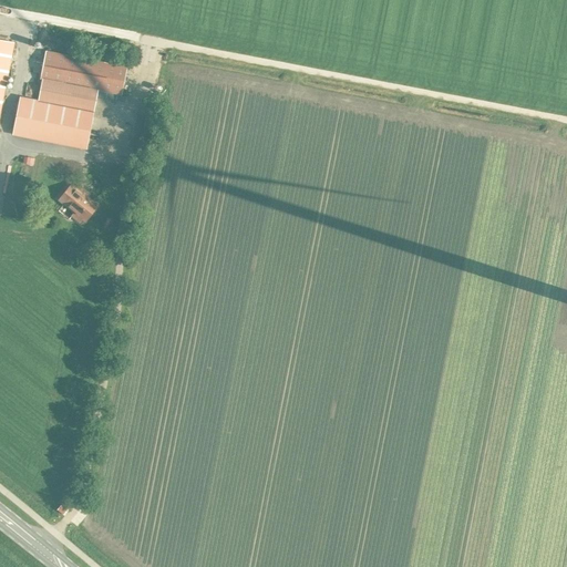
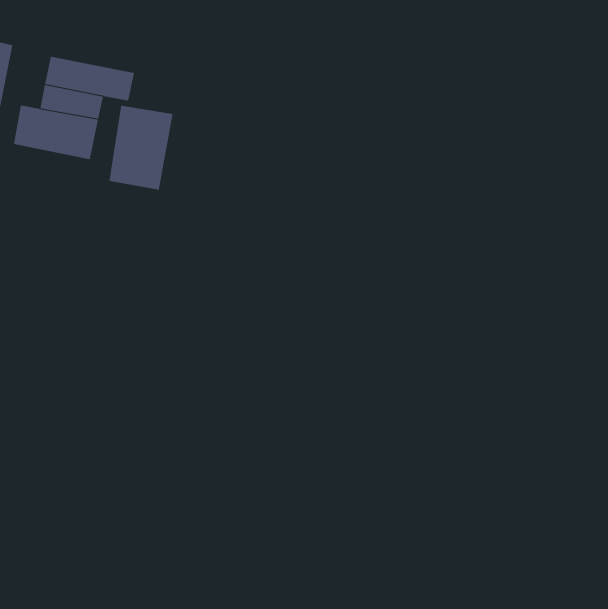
building: none -> [109,105,173,191]
building: [58,184,95,223] -> none

